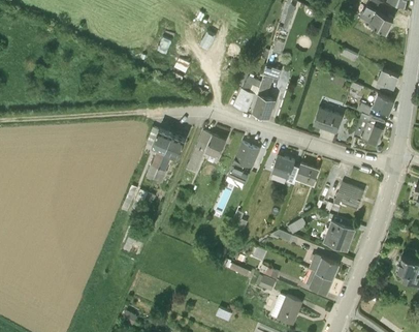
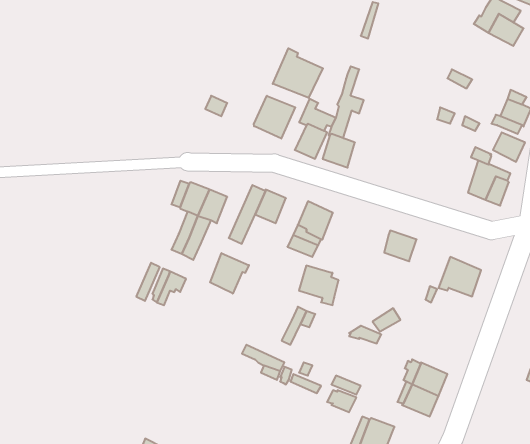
building: none -> [273,48,323,98]
building: none -> [254,96,295,139]
building: [312,109,342,134] -> none
building: [270,156,298,184] -> [299,266,339,305]
building: none -> [210,253,249,294]
building: [322,221,355,252] -> none

